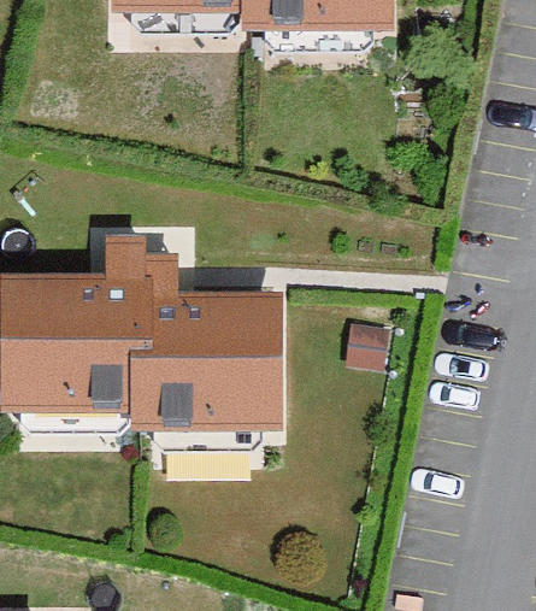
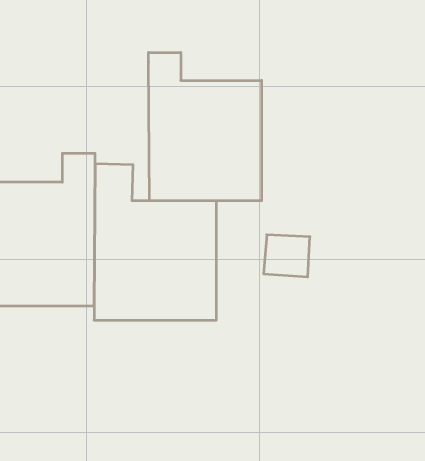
building: none -> [149,52,262,201]

